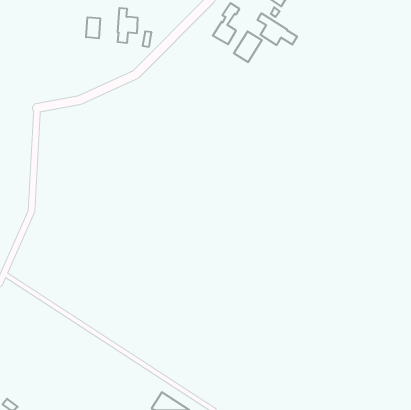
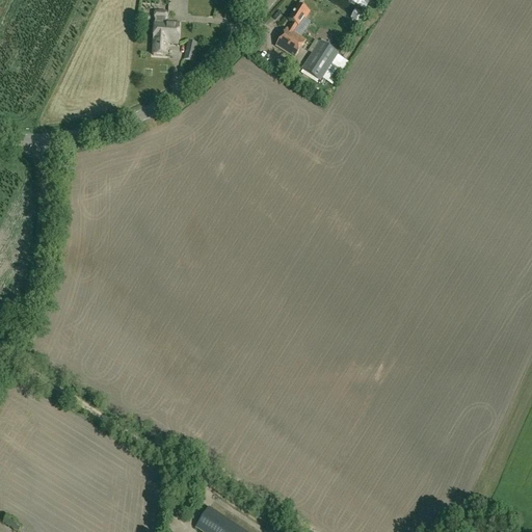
building: [257,13,297,45] -> none
building: [86,17,100,38] -> none

